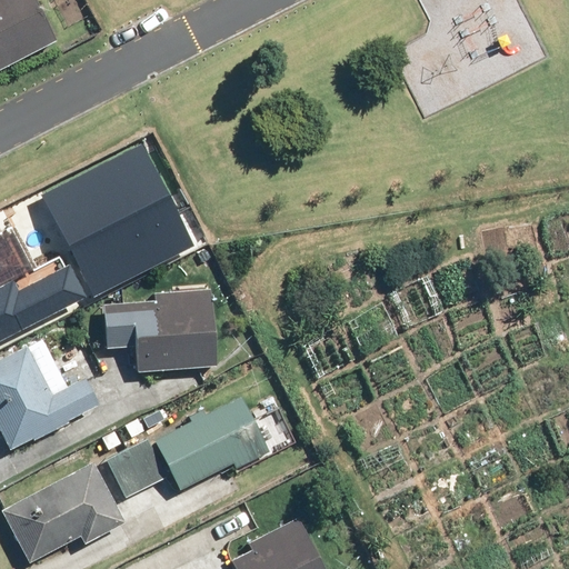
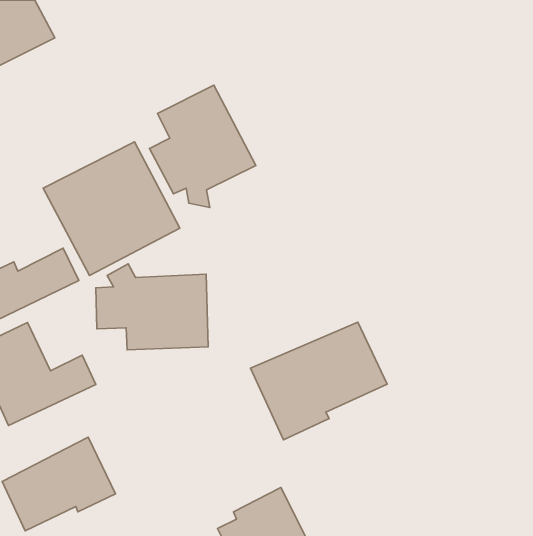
building: none -> [150,85,256,208]
building: none -> [251,322,387,440]
building: [103,393,271,497] -> none

